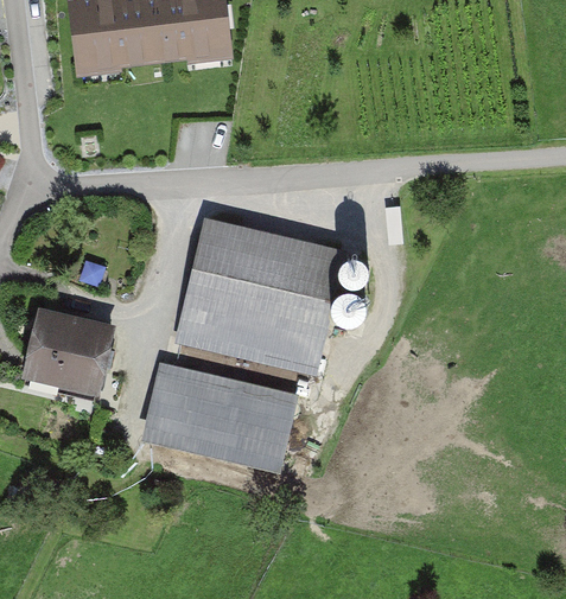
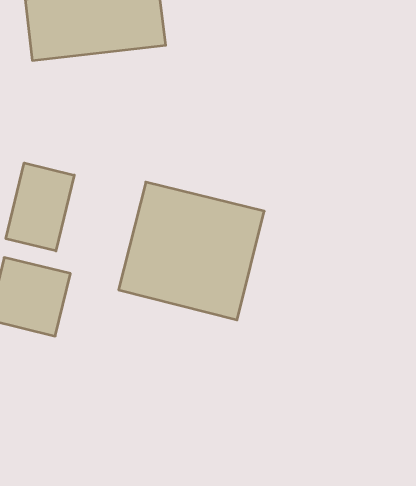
building: none -> [6,163,74,251]
building: [141,364,298,470] -> none

